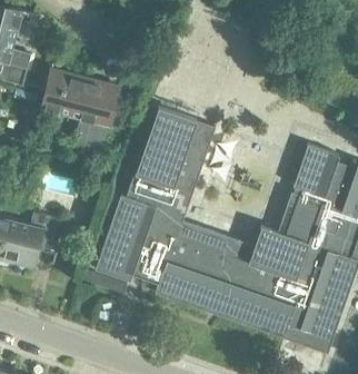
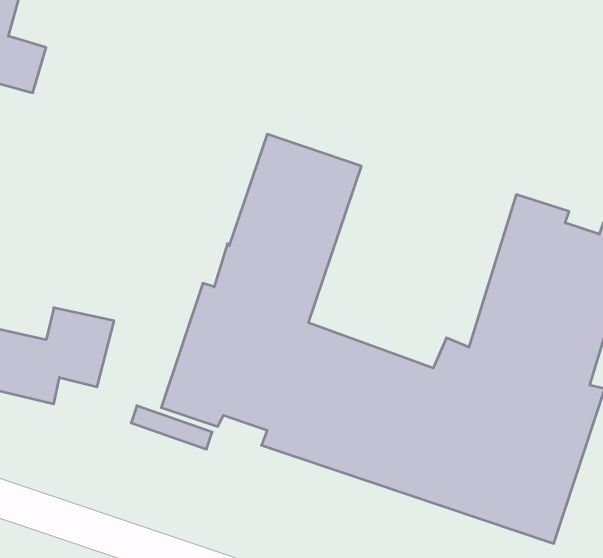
building: [37,60,121,158] -> none

